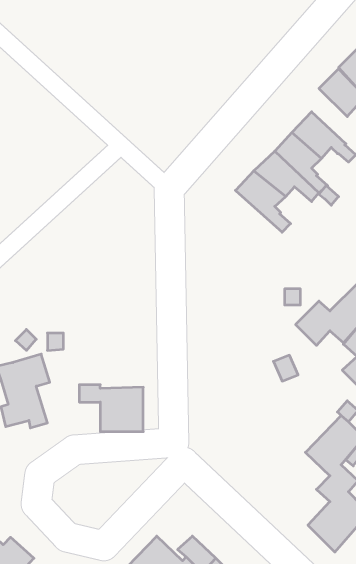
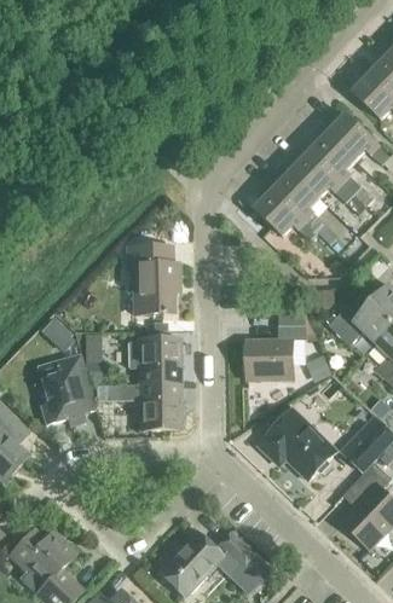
building: none -> [255,192,317,240]
building: none -> [126,245,178,314]
building: none -> [248,313,307,378]
building: none -> [127,338,180,387]
building: none -> [258,407,337,479]

